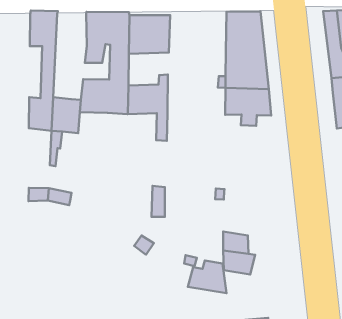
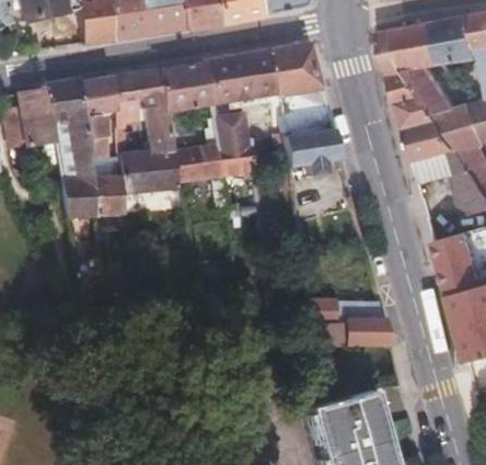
building: none -> [207,49,278,106]
building: none -> [80,78,119,179]
building: none -> [21,89,57,148]
building: none -> [216,114,256,175]
building: [188,261,226,293] -> [347,310,392,343]

